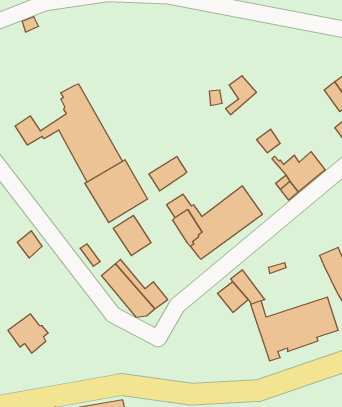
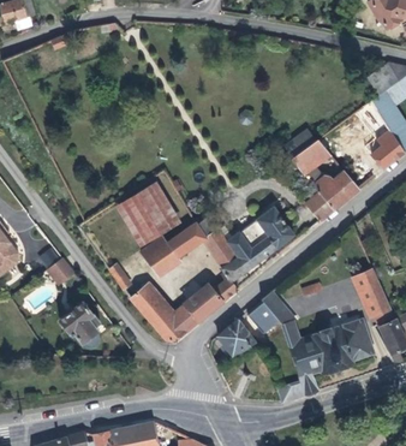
building: [226,76,256,115] -> [300,139,332,179]
building: [15,84,123,182] -> none
building: [149,157,187,191] -> [168,224,207,258]
building: none -> [185,279,239,322]
building: none -> [219,321,250,357]
building: [8,314,48,353] -> [56,301,97,340]

